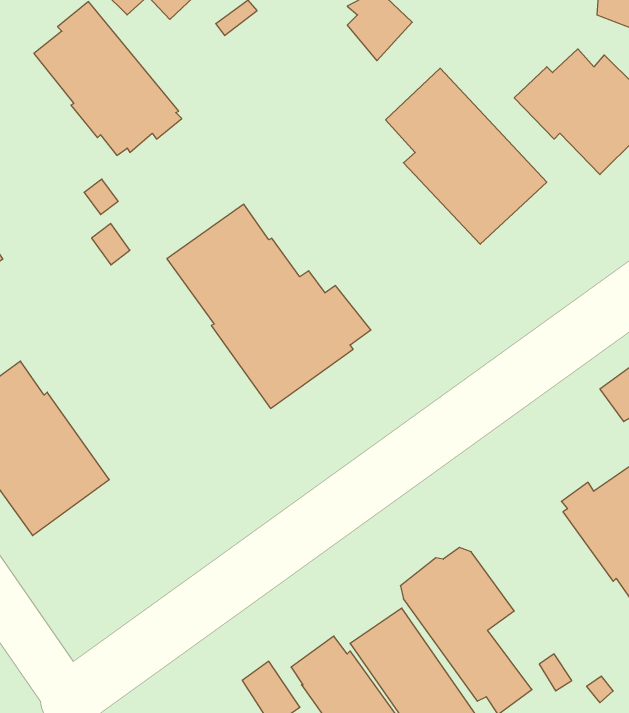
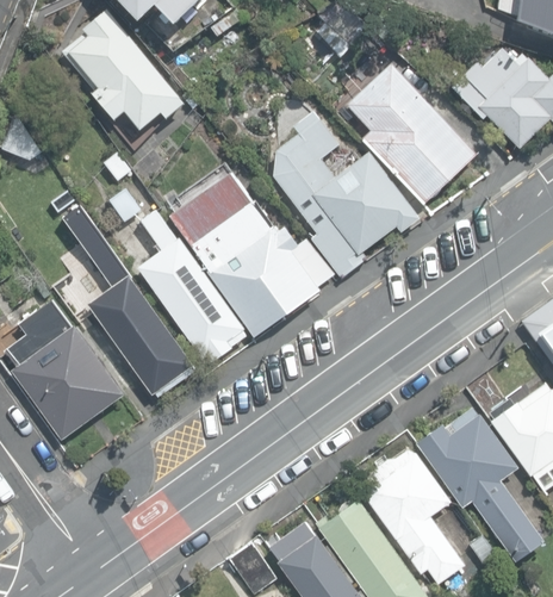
building: none -> [273,118,420,279]
building: none -> [63,205,197,397]
building: none -> [137,210,247,362]
building: none -> [416,406,536,546]

